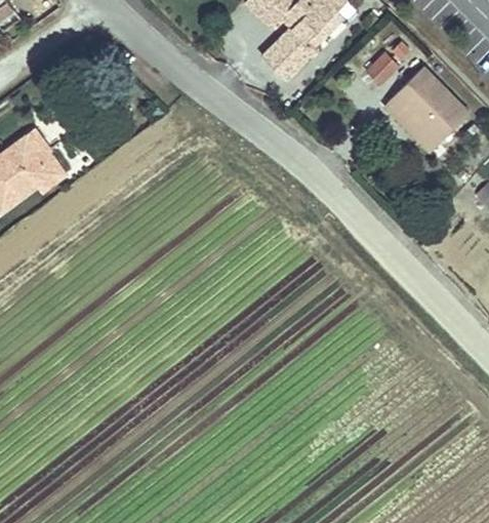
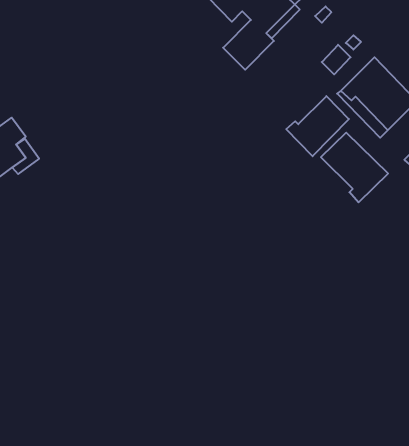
building: none -> [286,96,349,156]
building: none -> [321,133,388,202]

